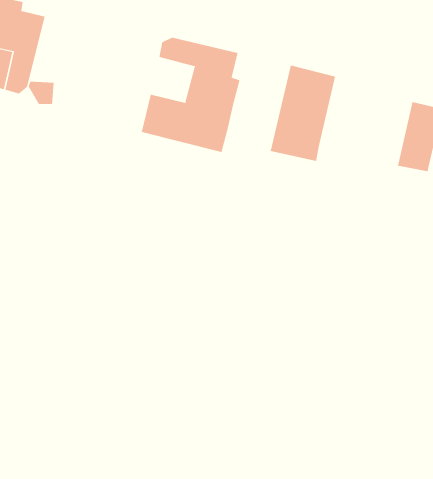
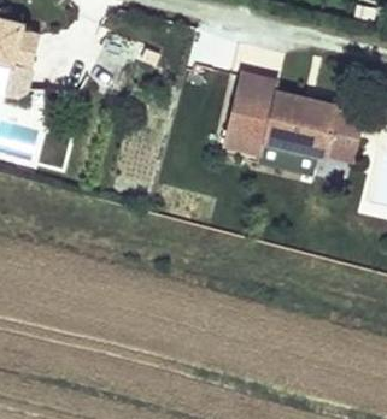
building: [141,37,240,153] -> none
building: none -> [264,89,340,157]

